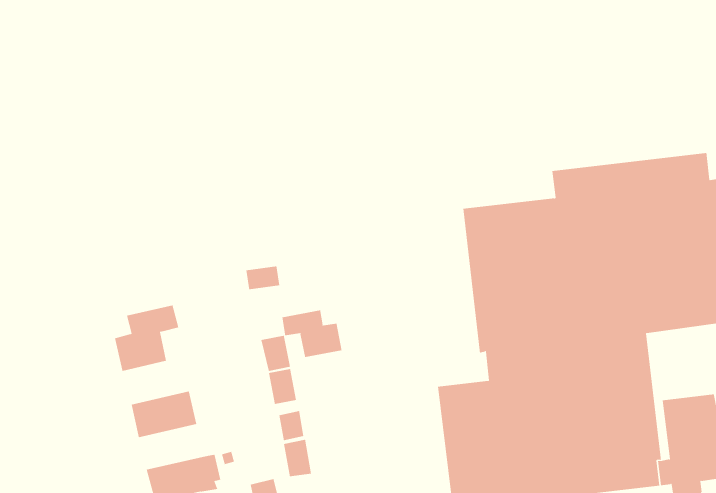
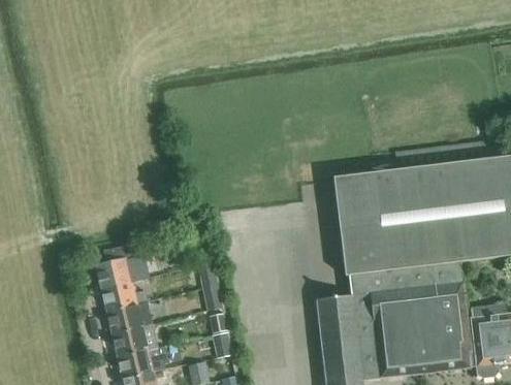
building: [282,309,342,358] -> none
building: none -> [101,282,148,312]
building: none -> [113,325,159,356]

